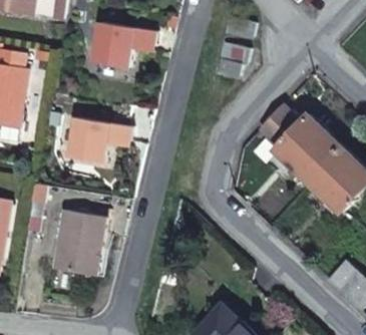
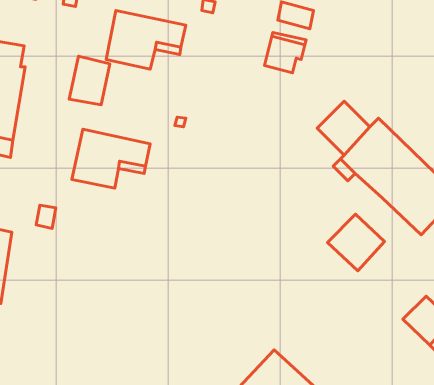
building: none -> [69,56,110,105]
building: none -> [327,214,384,271]
building: [56,215,106,279] -> none

